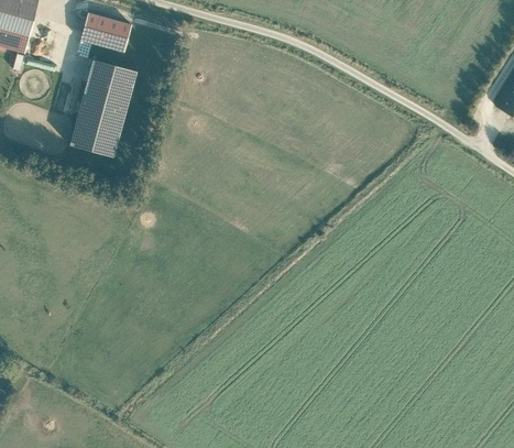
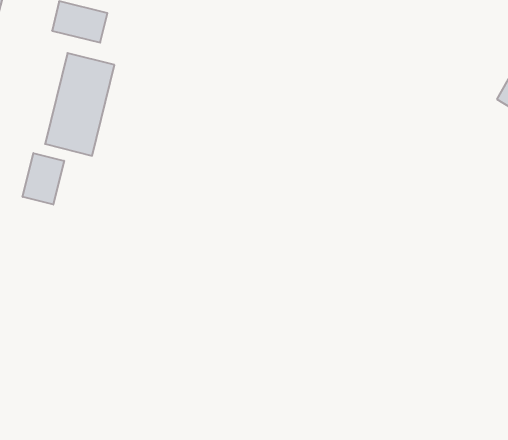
building: none -> [23,153,64,205]

